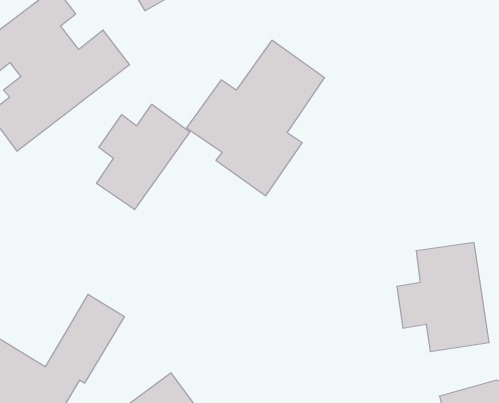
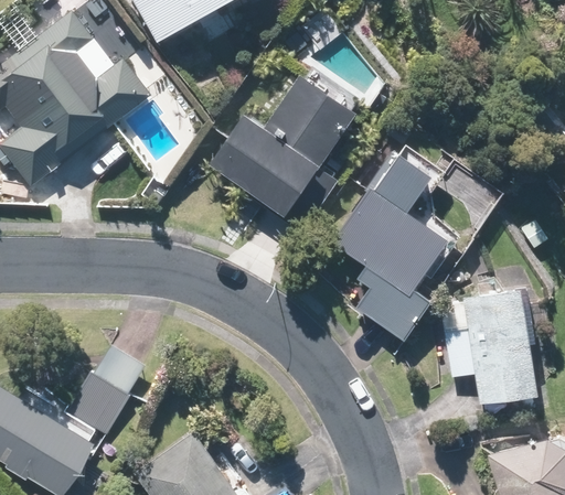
building: [97,104,190,210] -> none
building: none -> [331,144,450,341]

